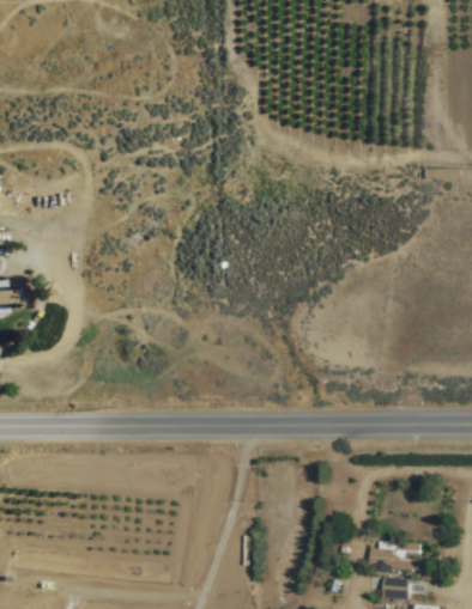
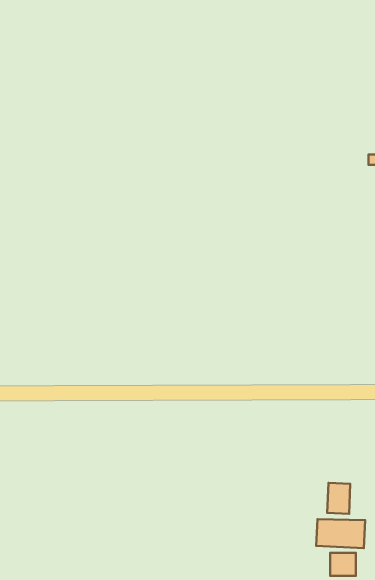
building: none -> [327,483,350,514]

